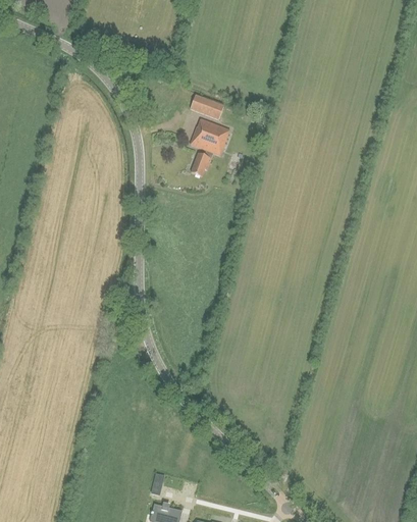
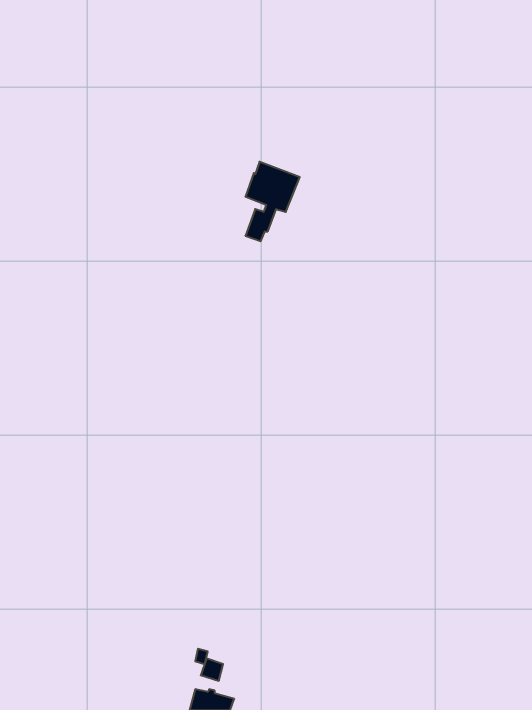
building: [190,95,223,119] -> none

